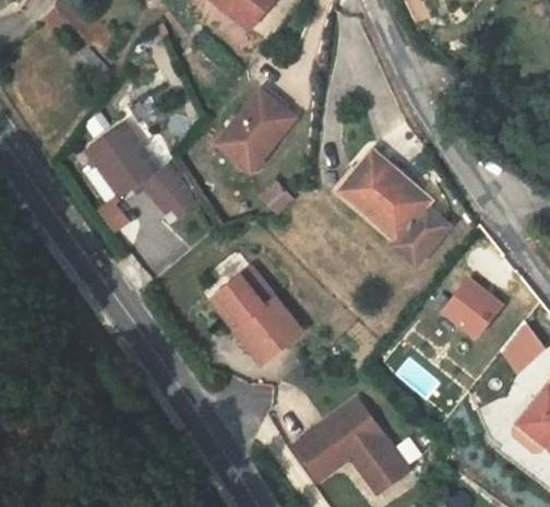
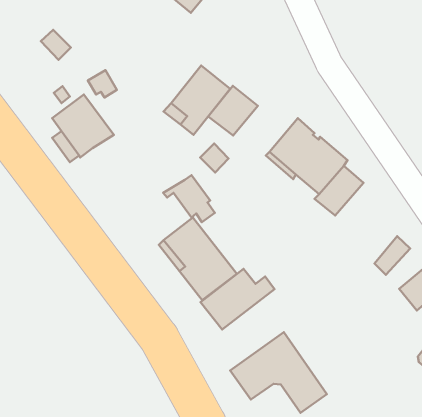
building: none -> [208,86,258,136]
building: [134,165,194,220] -> [163,175,215,222]
building: [445,273,489,320] -> none
building: none -> [200,269,275,330]

